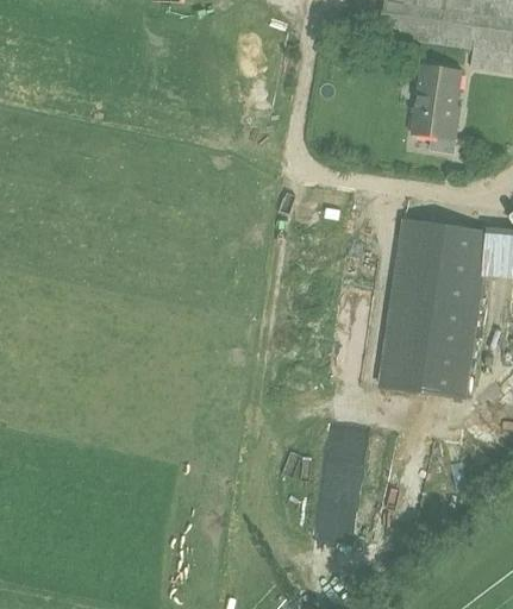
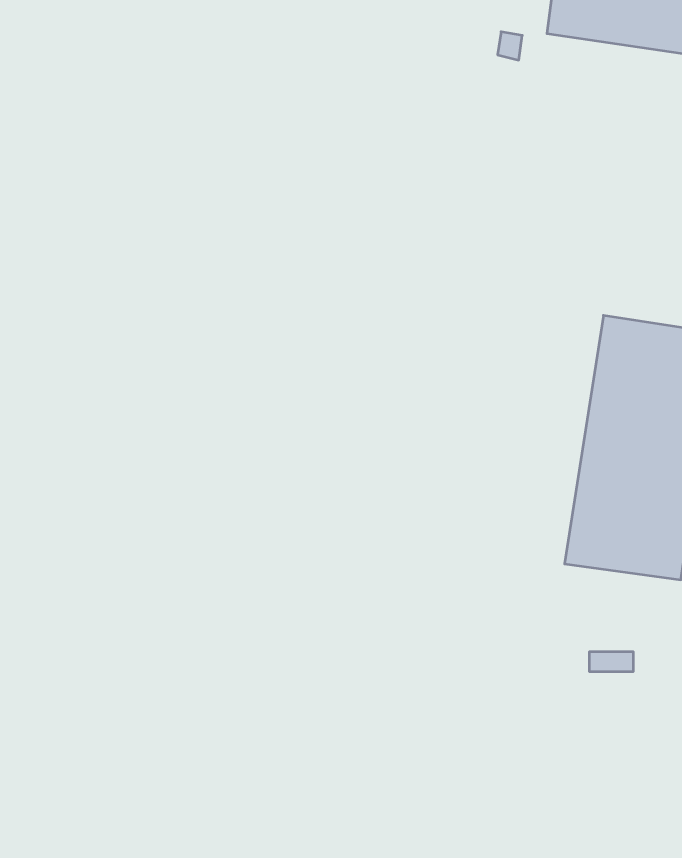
building: [412,63,461,136] -> none

